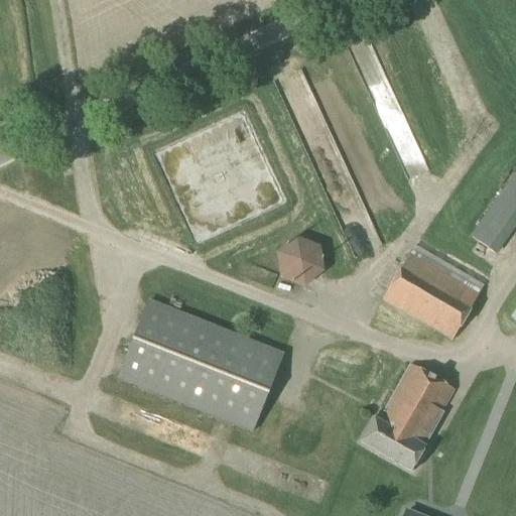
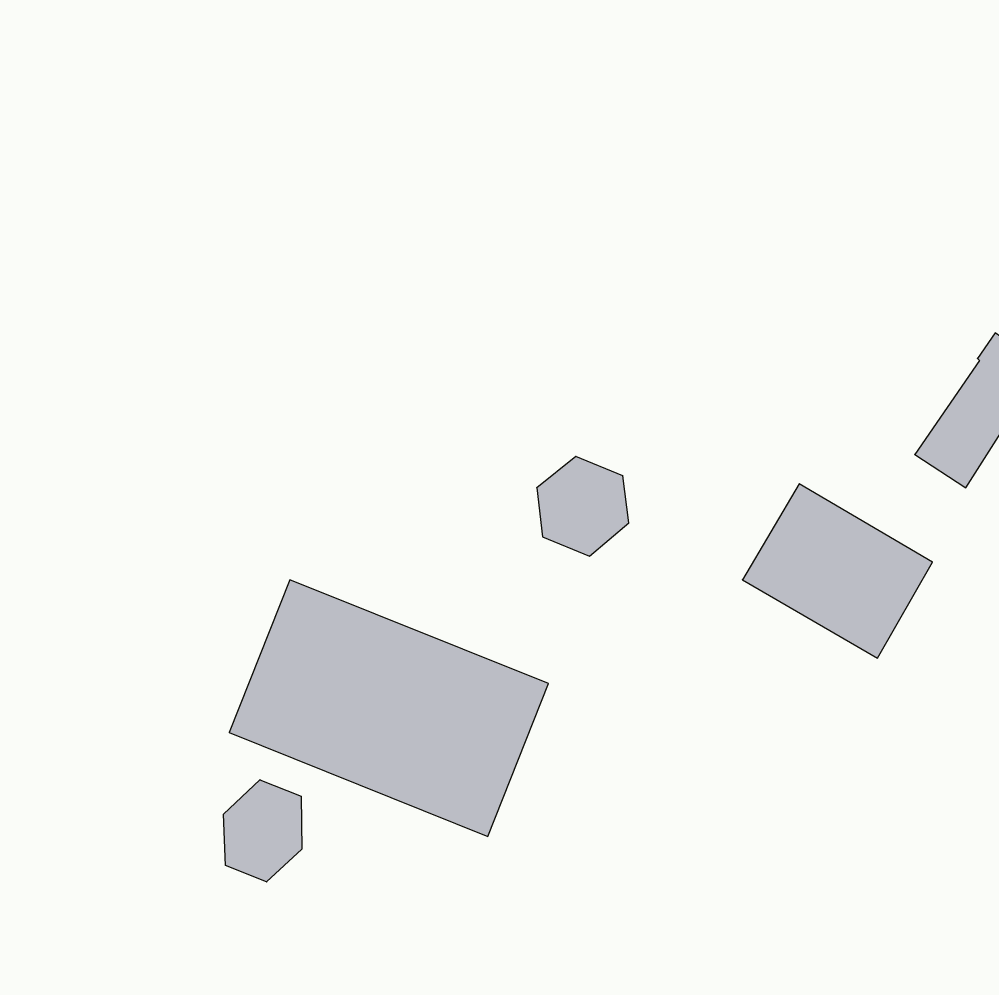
building: [361,363,454,470] -> none
building: none -> [223,780,302,882]

